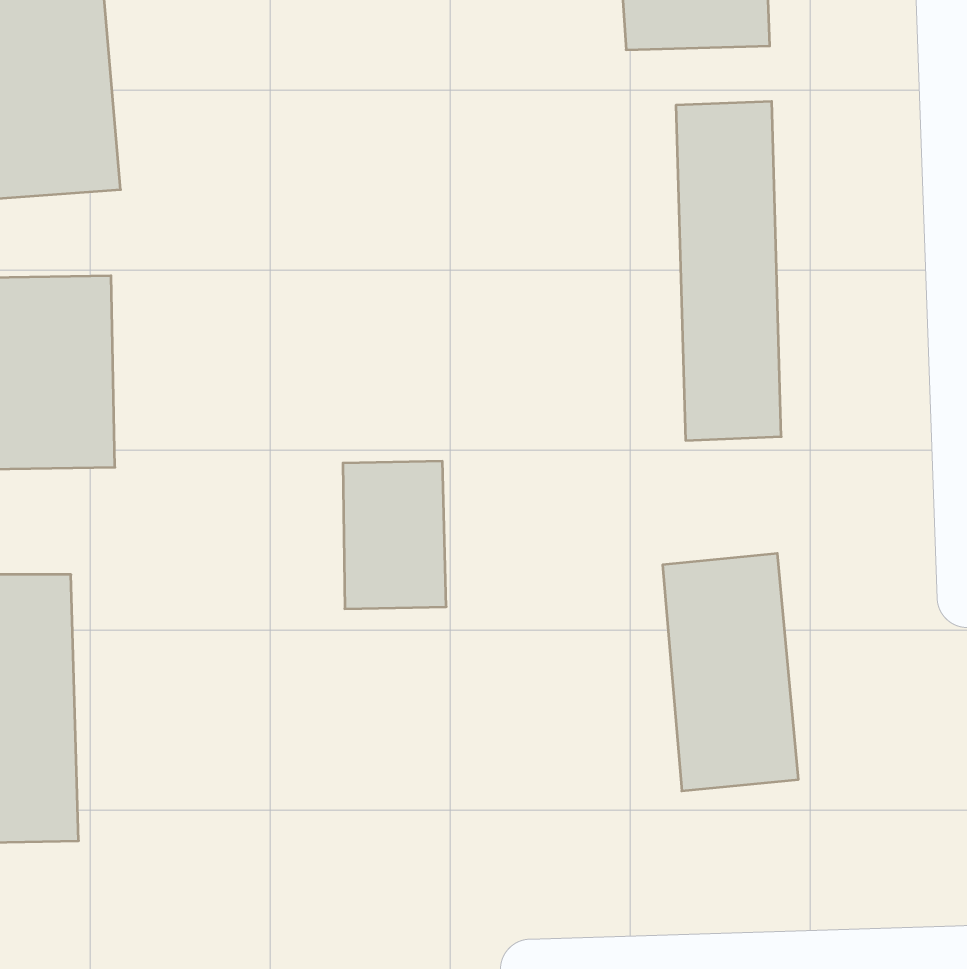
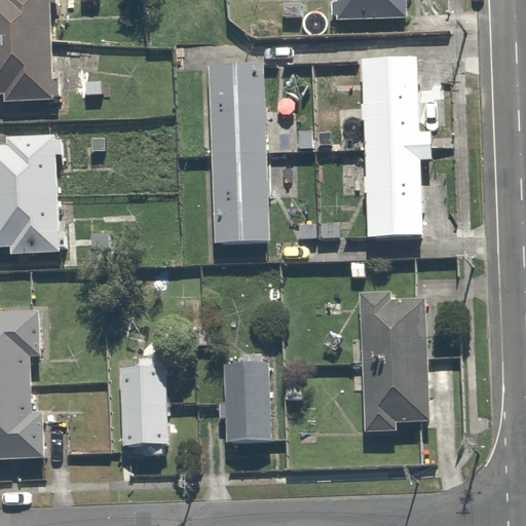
building: none -> [203,53,280,237]
building: [343,461,446,609] -> [218,364,273,443]
building: none -> [115,361,180,442]

